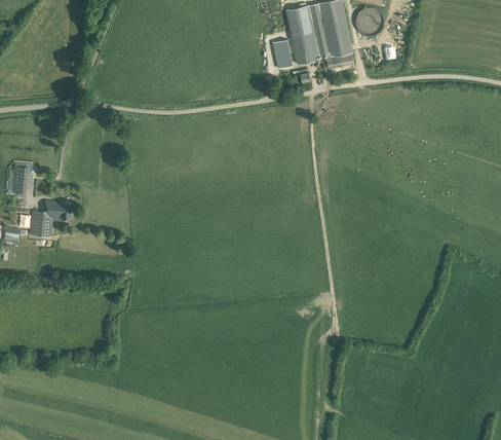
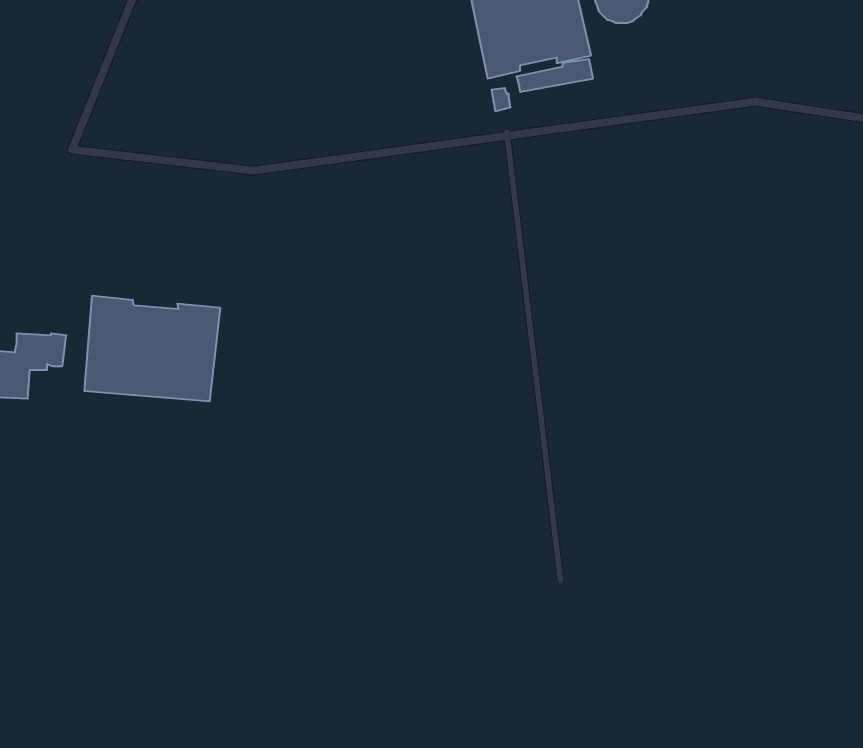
building: [272,40,292,69] -> none
building: none -> [84,296,220,401]

